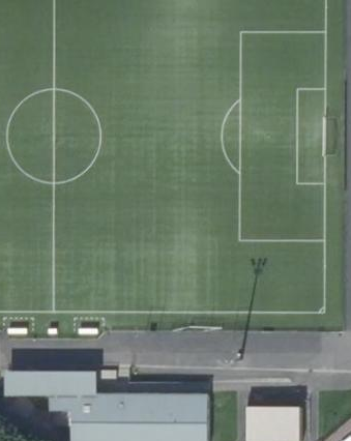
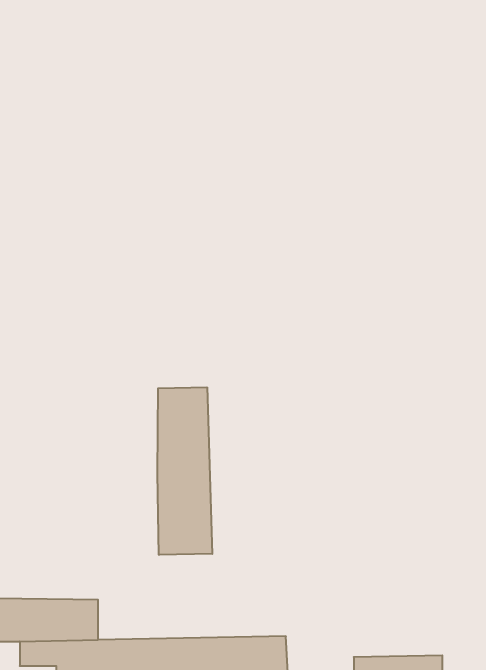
building: none -> [157,387,212,555]

